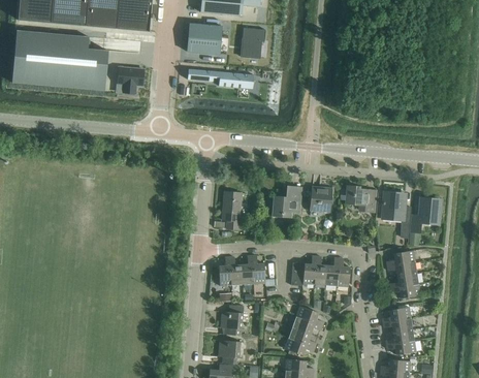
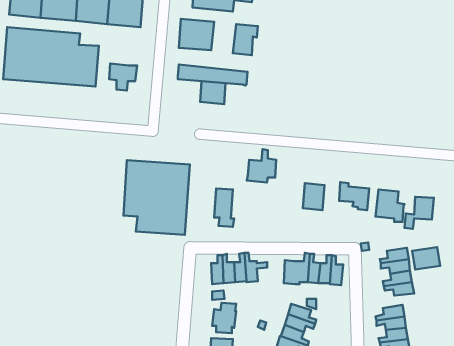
building: none -> [200,81,226,104]
building: none -> [124,160,190,235]
building: [272,185,300,218] -> [247,149,276,183]
building: none -> [412,247,440,270]

